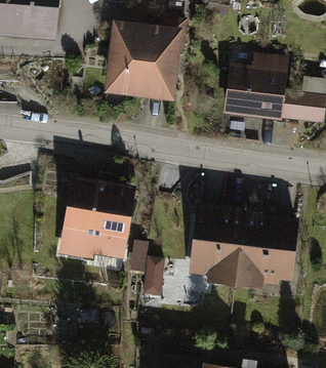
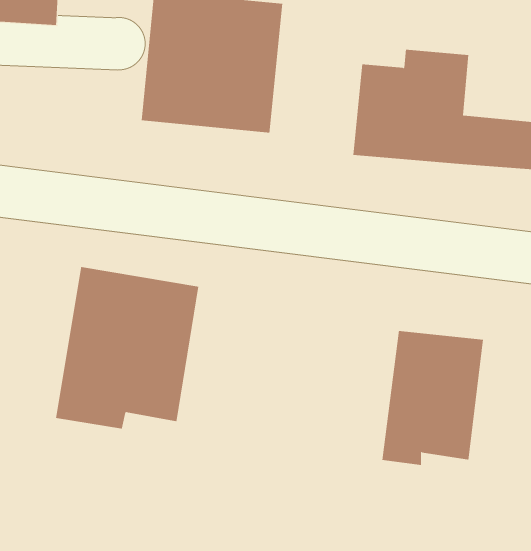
building: [190,205,248,284] -> none
building: [131,240,165,294] -> none

